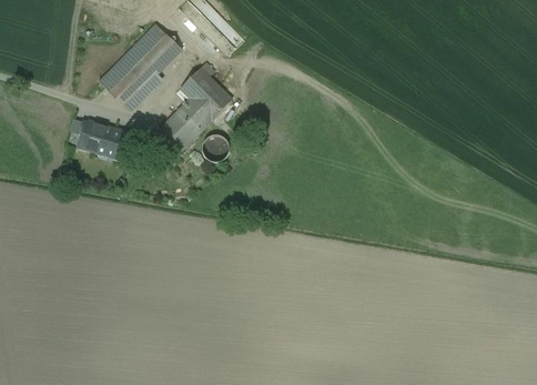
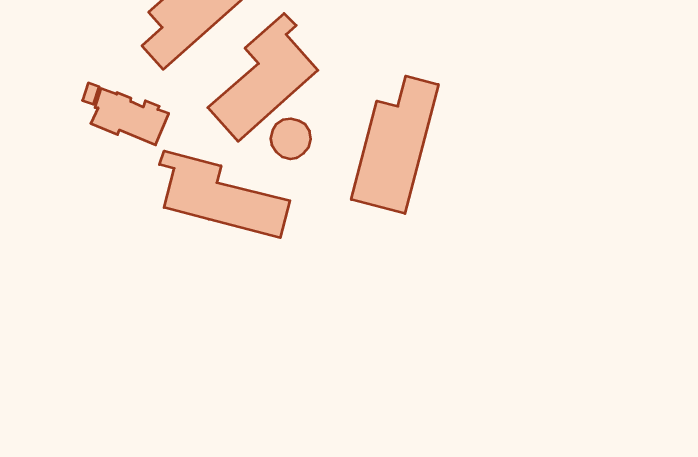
building: none -> [351,76,438,214]
building: none -> [159,151,290,238]

